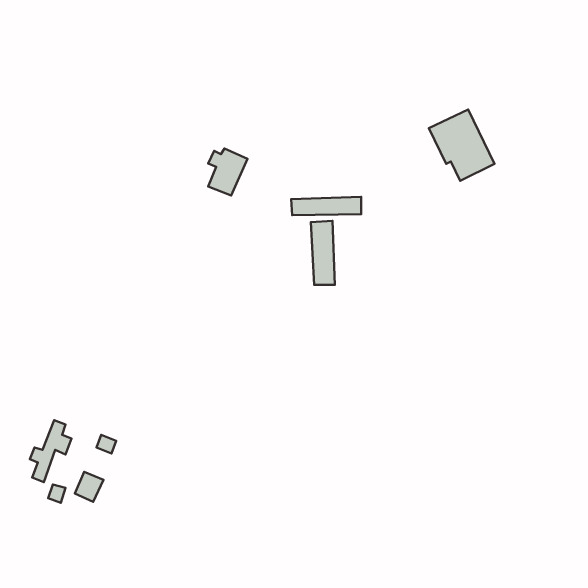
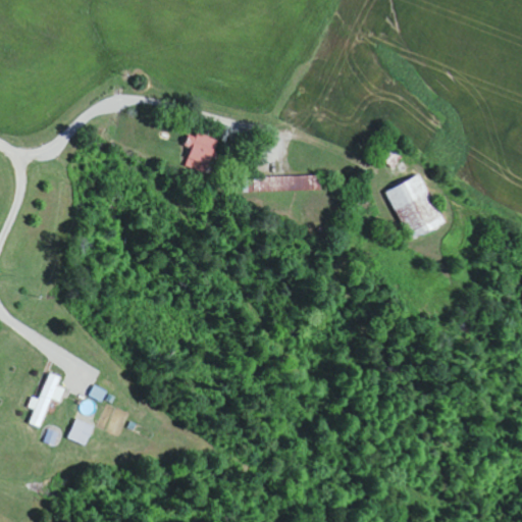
building: [429,110,495,181] -> [385,174,443,238]
building: [311,221,335,285] -> none

